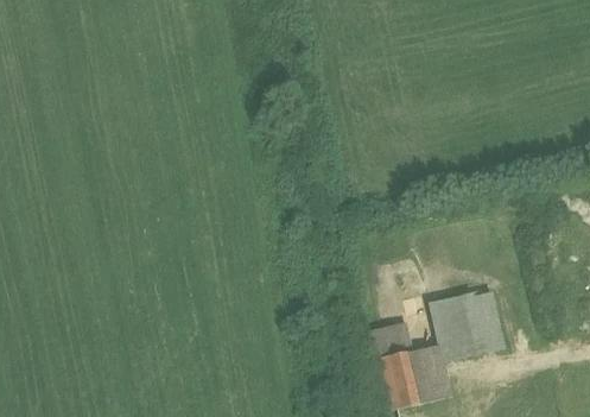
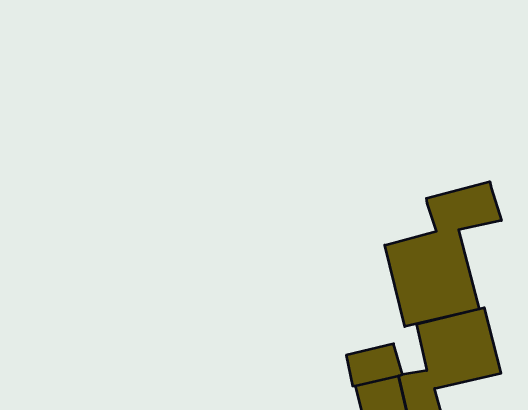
building: none -> [385,182,501,327]

